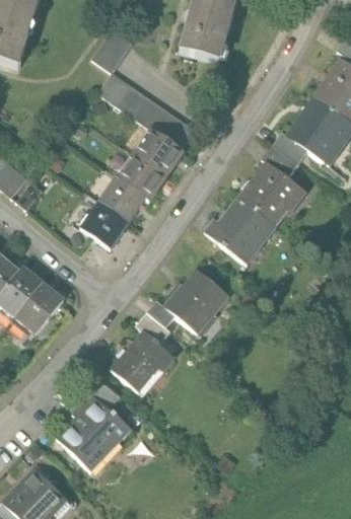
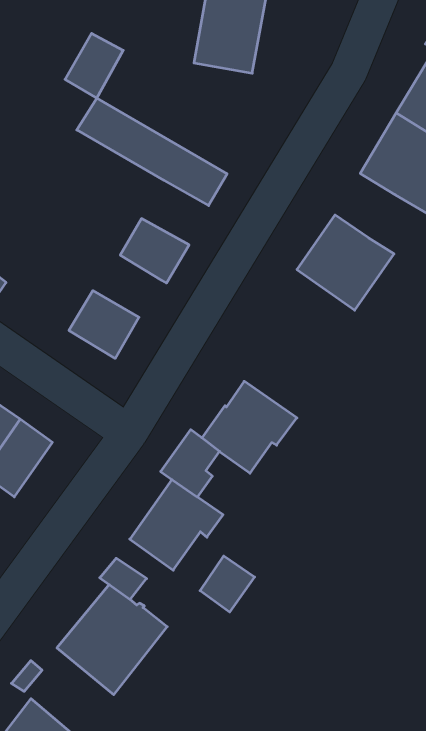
building: [135,130,183,174] -> none
building: [262,133,306,179] -> none
building: [98,175,145,220] -> none
building: [203,197,273,263] -> none
building: none -> [200,556,255,612]

